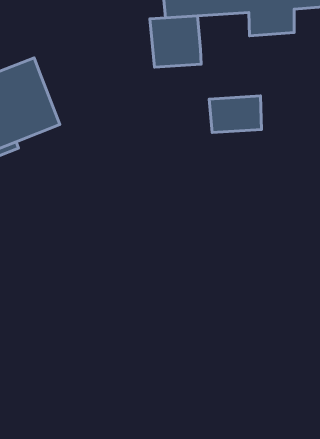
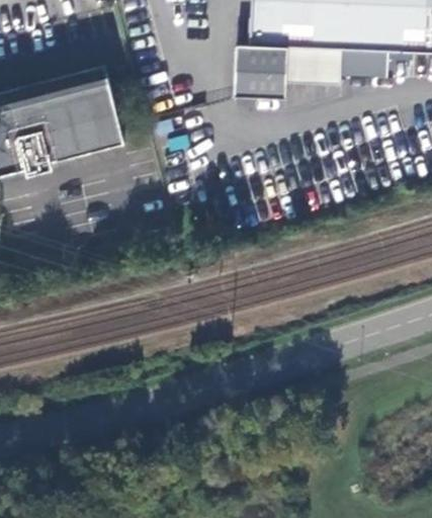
building: [209,96,262,133] -> [283,42,340,82]

